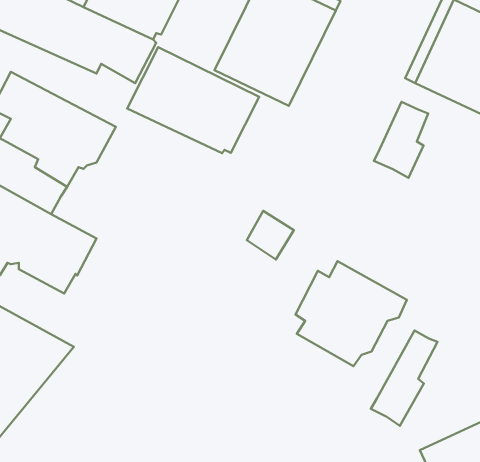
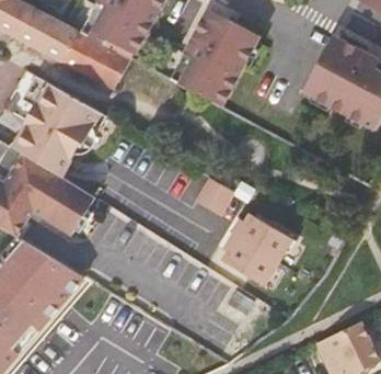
building: [127,47,259,153] -> none
building: [374,102,428,178] -> none
building: [371,330,438,426] -> none

